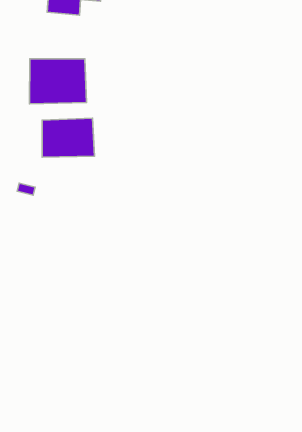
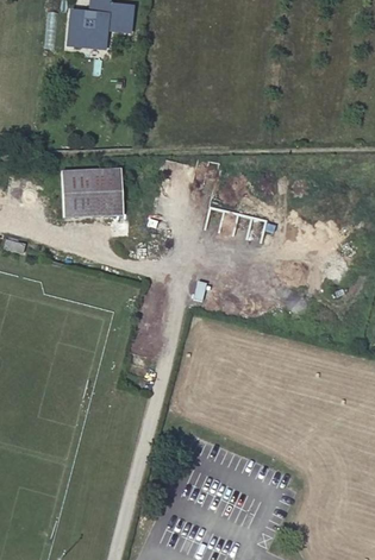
building: [29,59,86,104] -> none

